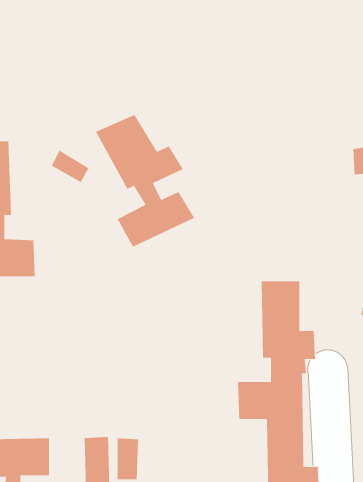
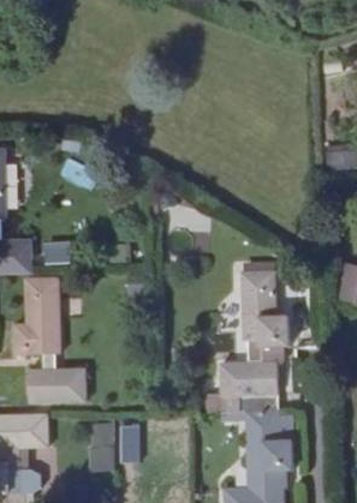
building: [95,114,195,248] -> none
building: none -> [14,275,87,401]

